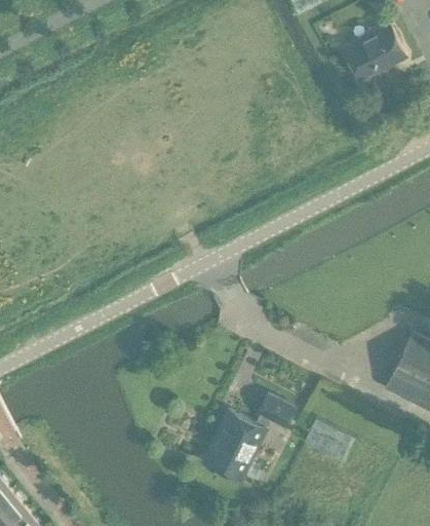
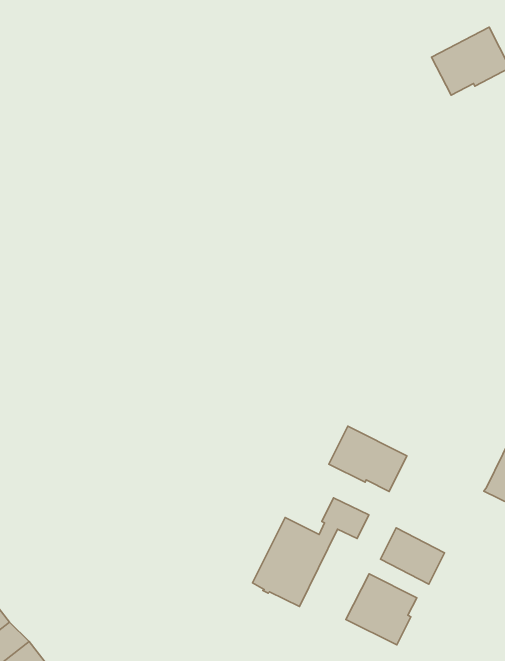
building: none -> [329,426,407,491]
building: none -> [346,574,417,645]

